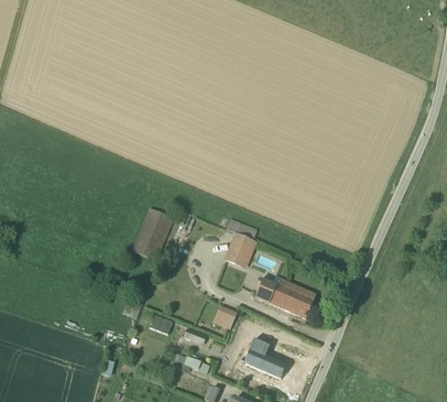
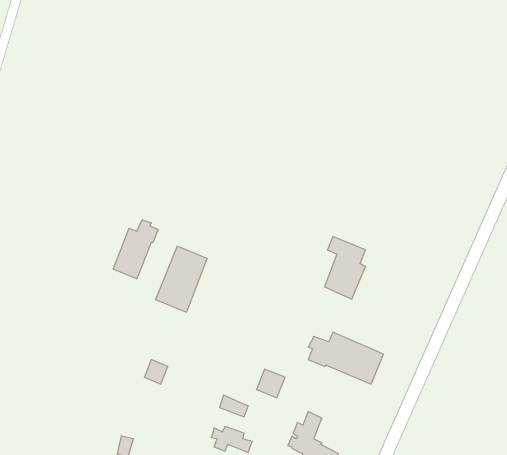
building: none -> [113,220,158,279]
building: [224,217,257,268] -> [325,236,366,299]

